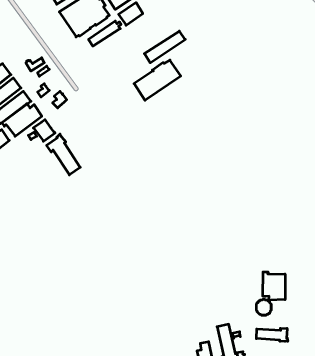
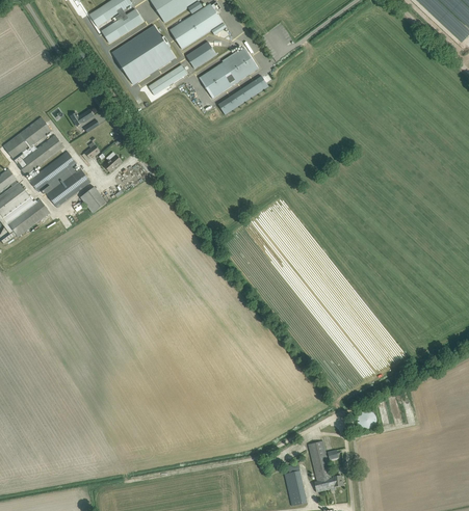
building: [134,60,181,100] -> [199,48,257,98]
building: [47,134,80,175] -> none
building: [263,272,285,300] -> none
building: [256,328,288,341] -> none

